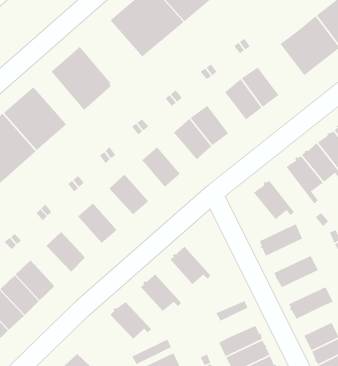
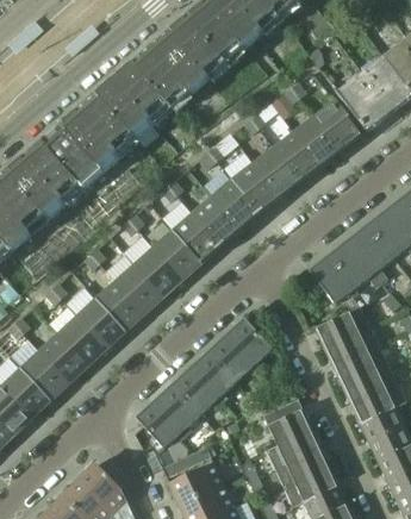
building: none -> [99,61,174,137]
building: none -> [313,100,361,151]
building: none -> [43,123,104,187]
building: none -> [253,148,299,198]
building: none -> [192,196,239,246]
building: none -> [152,230,201,280]
building: none -> [328,238,381,287]
building: none -> [114,264,163,314]
building: none -> [76,298,125,348]
building: none -> [225,317,272,369]
building: none -> [323,325,378,365]
building: none -> [39,333,88,382]
building: none -> [189,350,235,402]
building: none -> [342,363,396,404]
building: none -> [154,383,199,434]
building: none -> [360,406,403,442]
building: none -> [268,408,311,444]

